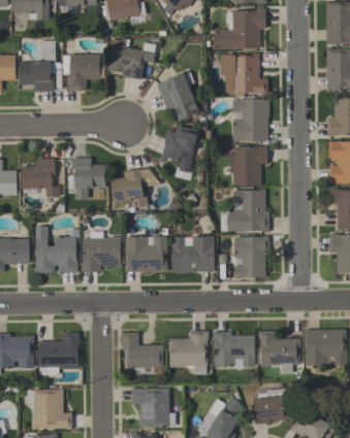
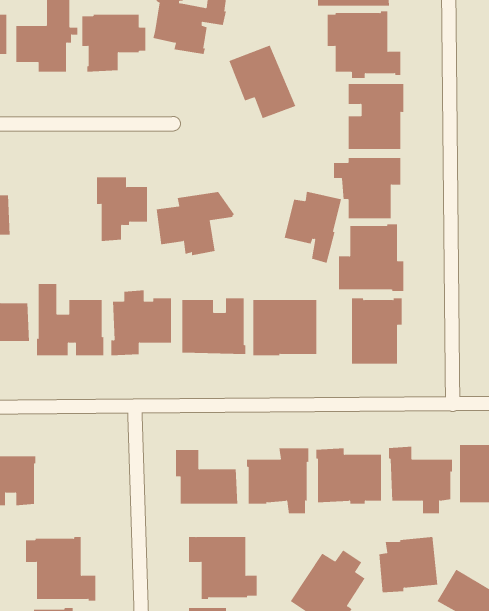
building: [162,127,199,173] -> [284,191,342,264]
building: [22,159,60,198] -> none
building: [38,333,79,374] -> none

